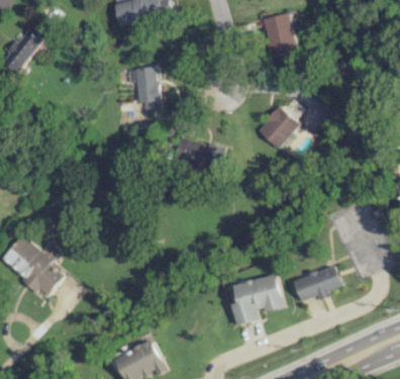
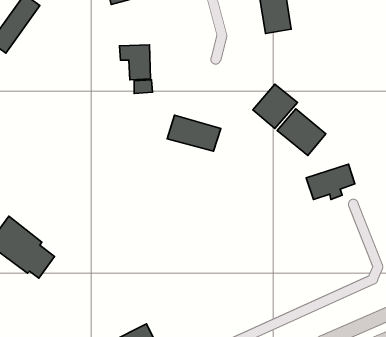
building: none -> [277,109,326,156]
building: [294,266,341,300] -> [306,164,355,199]
building: [233,274,285,324] -> none

